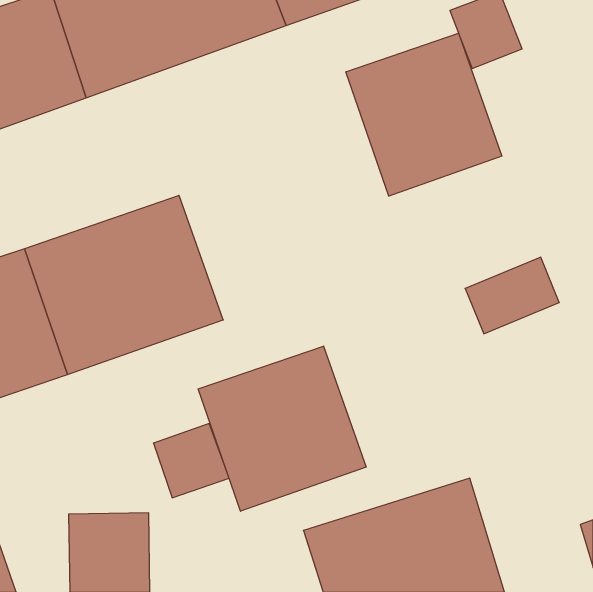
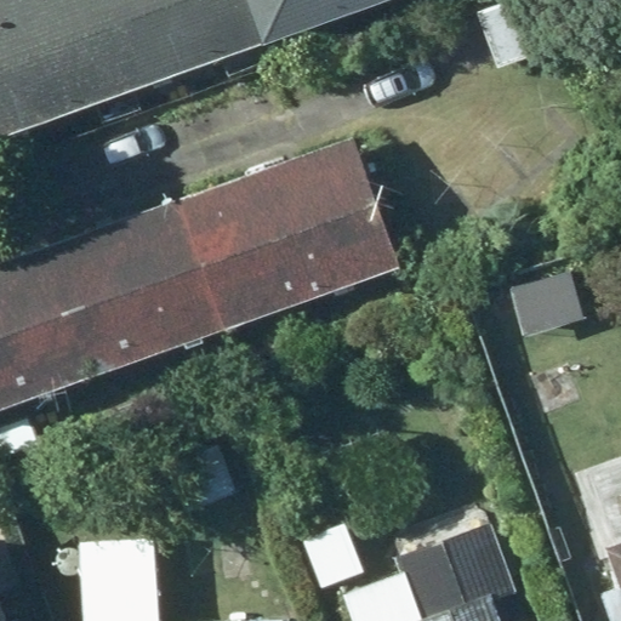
building: [346,33,502,196] -> none
building: none -> [187,148,394,334]
building: [198,346,366,511] -> none

